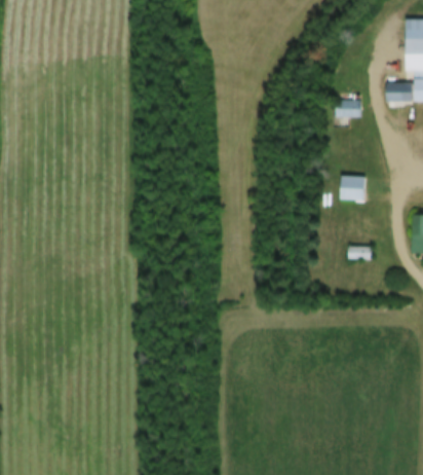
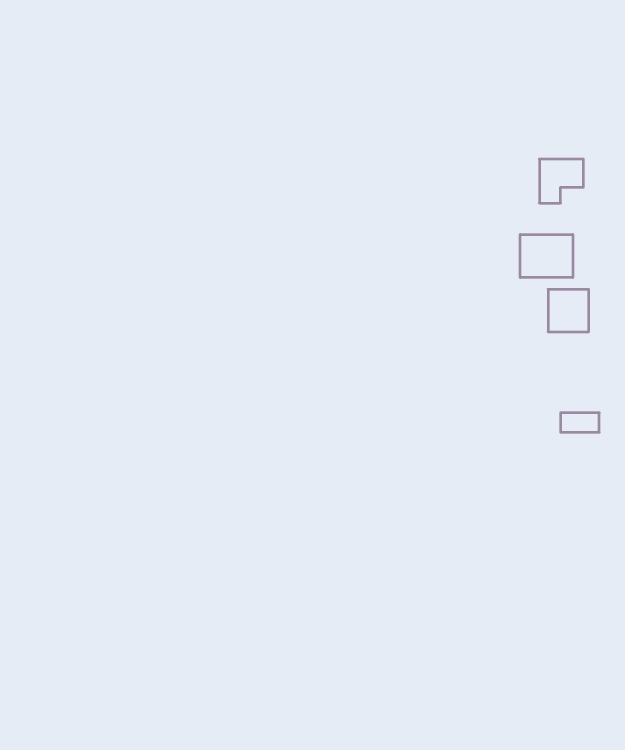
building: none -> [520,234,573,278]

